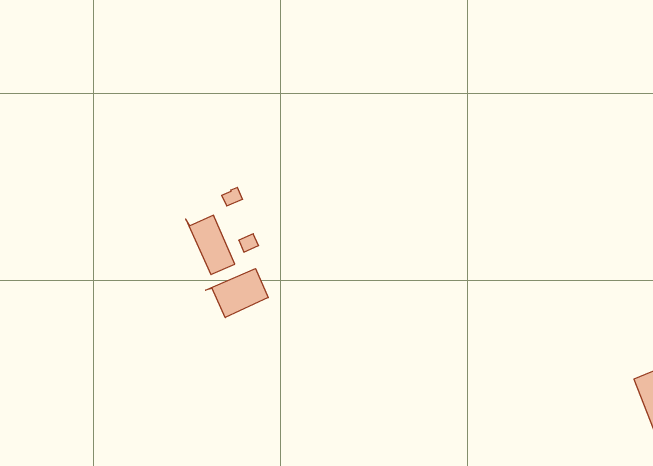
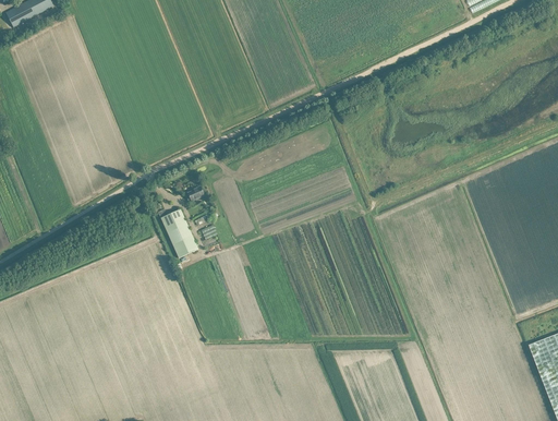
building: [206,269,268,318] -> none

